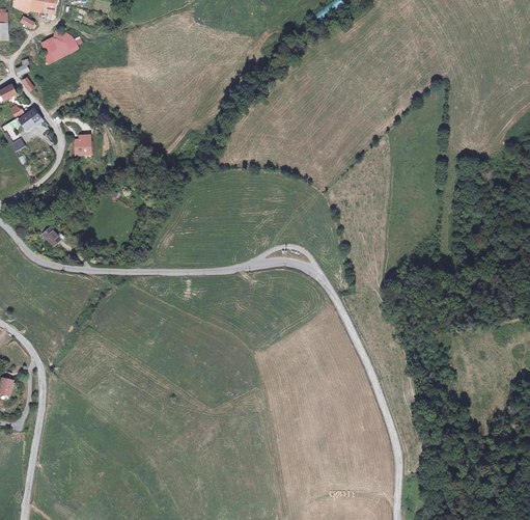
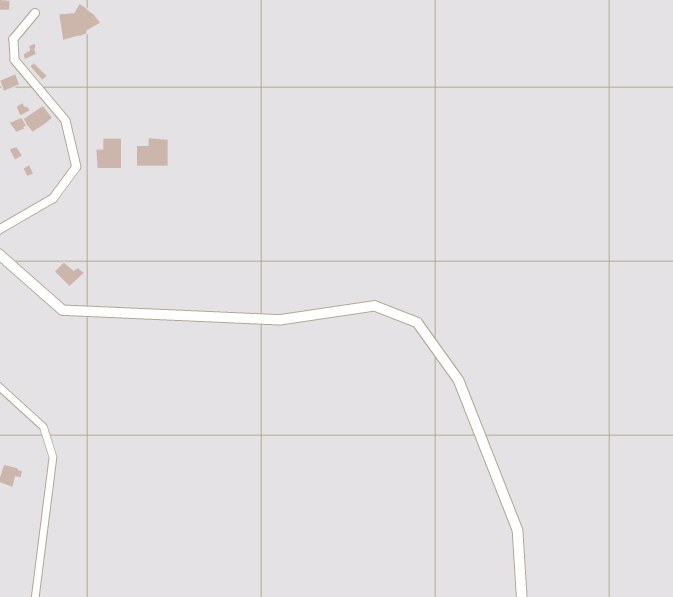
building: none -> [137,138,168,166]

